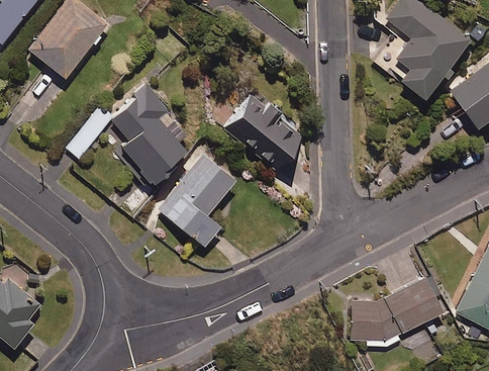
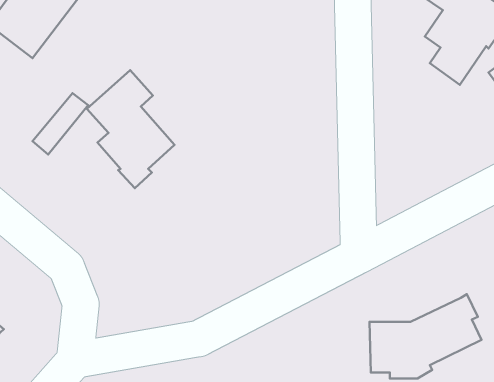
building: [226,93,307,171] -> none
building: [160,155,235,247] -> none

